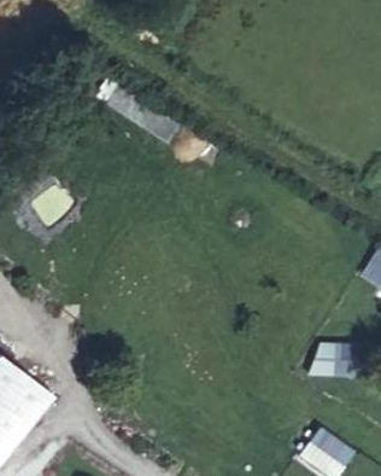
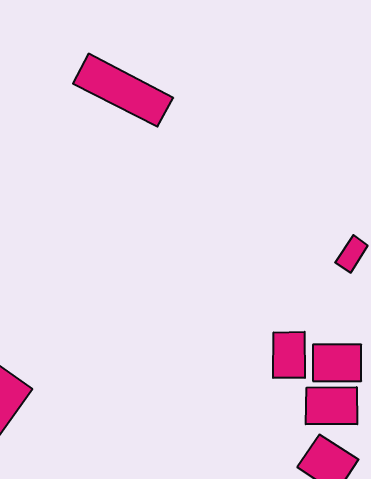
building: none -> [273,332,305,378]
building: none -> [306,387,357,424]

